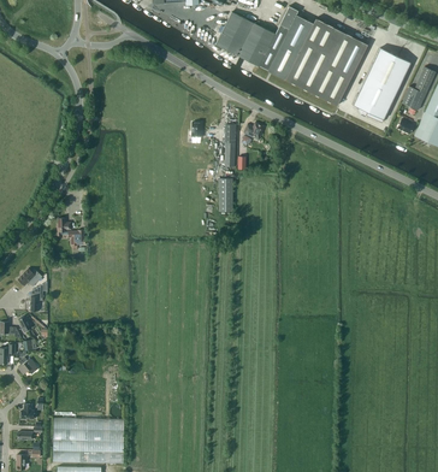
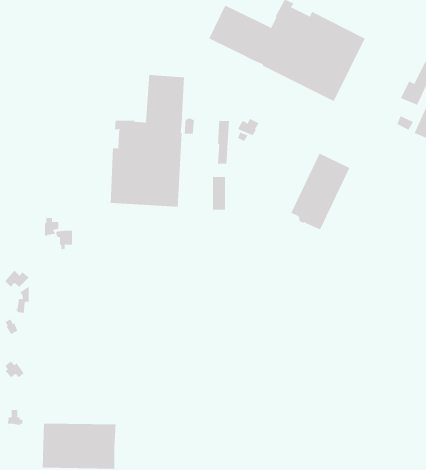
building: [353,48,410,123] -> [291,153,350,230]
building: none -> [110,74,185,208]

